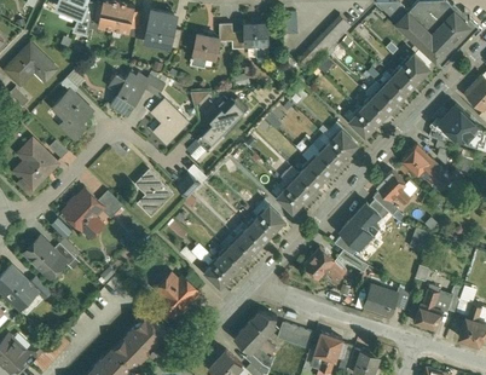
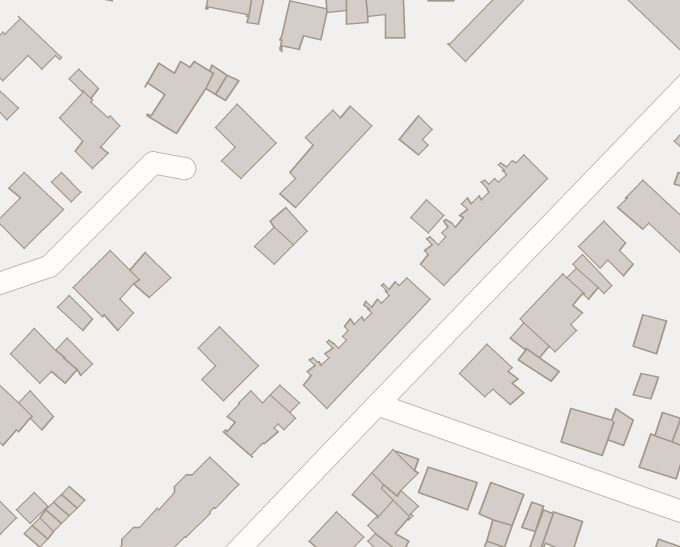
building: [351,54,429,135] -> none
building: [135,169,173,215] -> [198,327,259,401]

